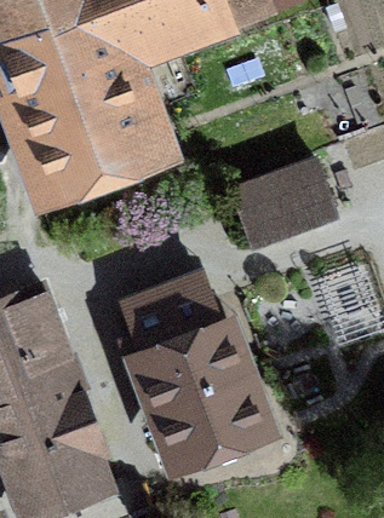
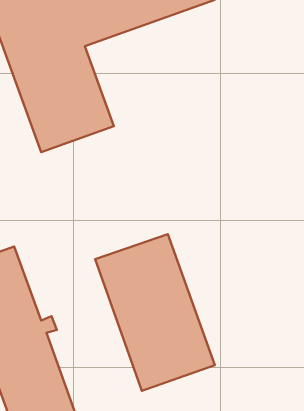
building: [235,168,332,248] -> none

